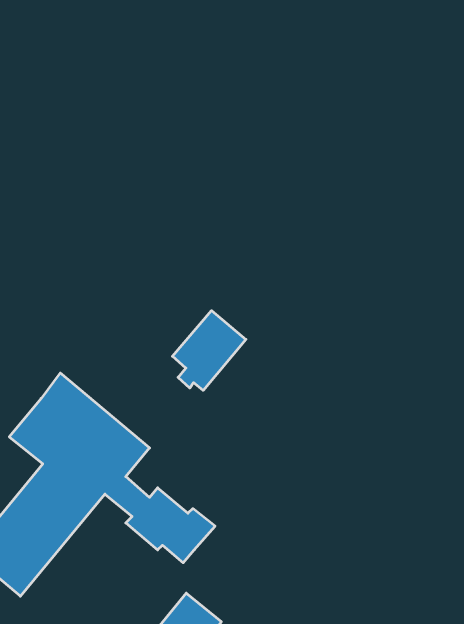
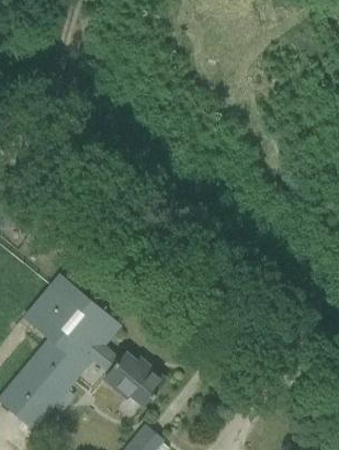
building: [172,311,246,390] -> none

